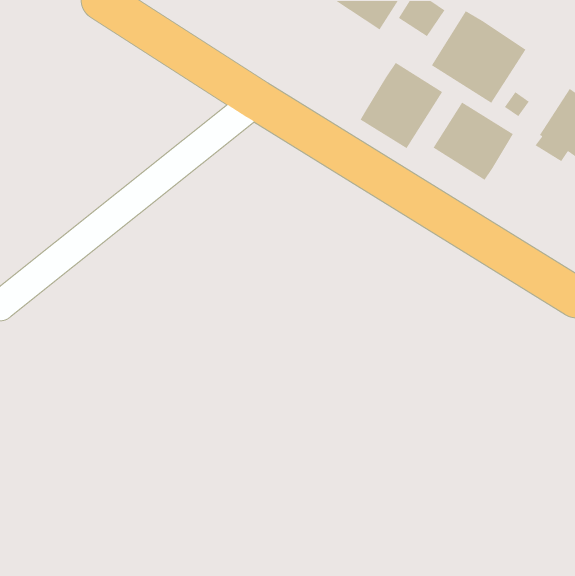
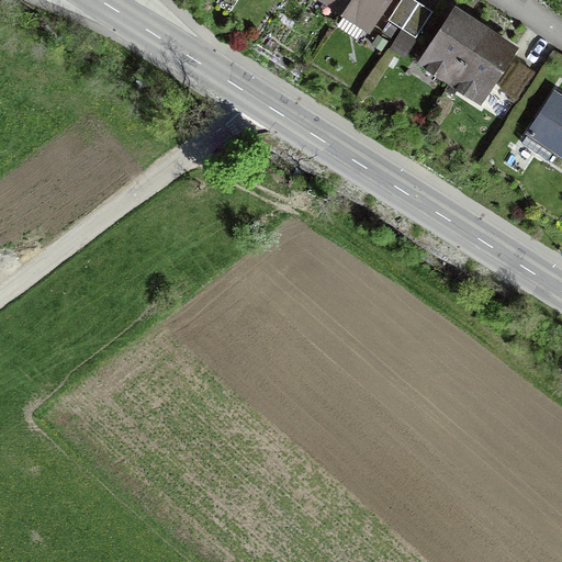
building: [359,62,443,149] -> none
building: [433,102,514,181] -> none

